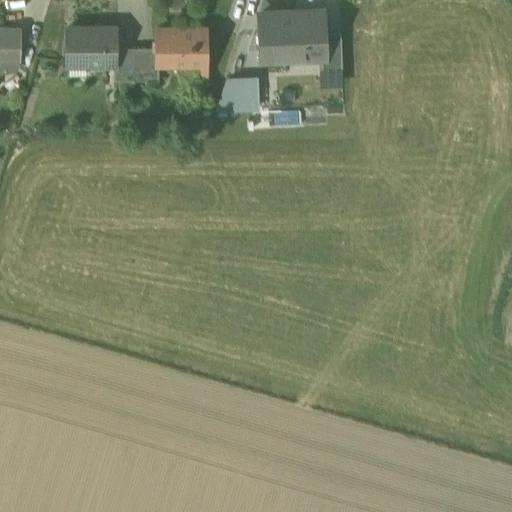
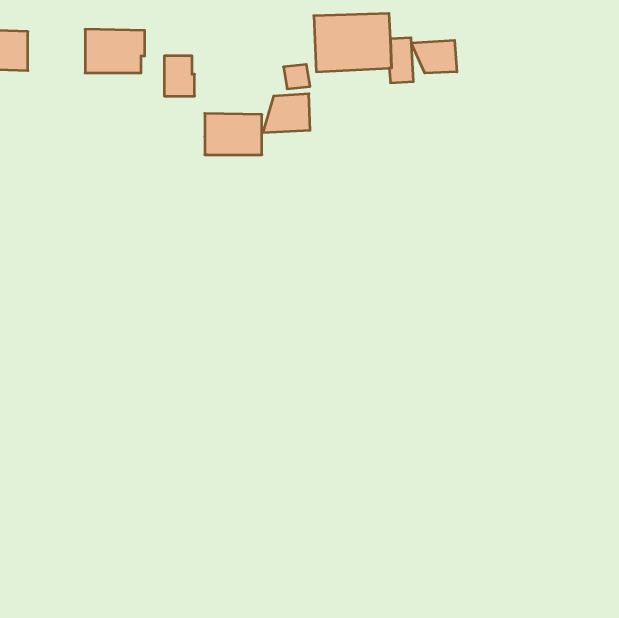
building: [158,30,205,64] -> [205,113,262,155]
building: none -> [411,40,457,73]
building: [116,49,135,82] -> none

